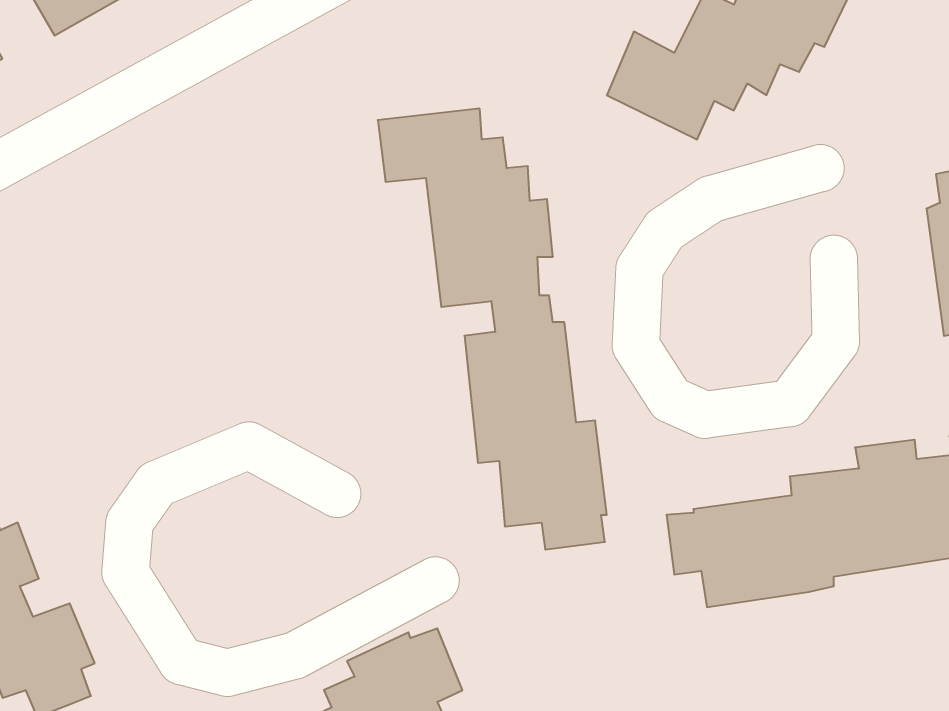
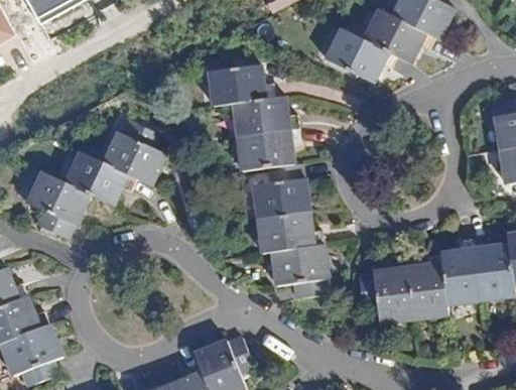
building: none -> [26,120,165,238]

